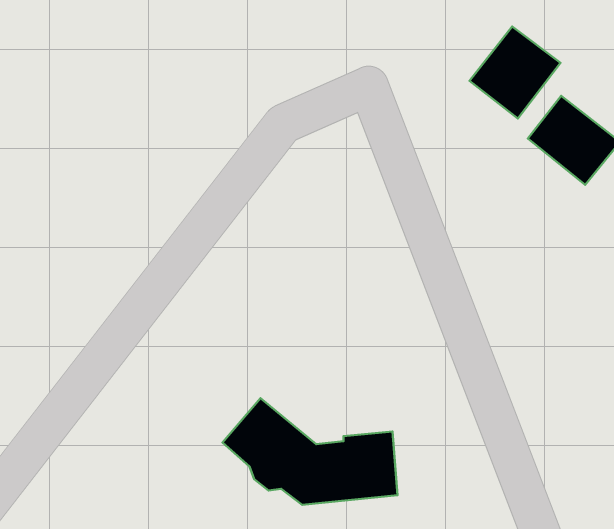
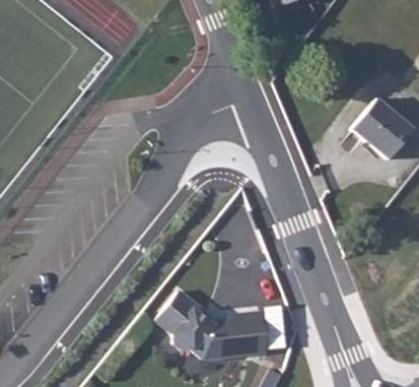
building: [470,27,560,118] -> none

